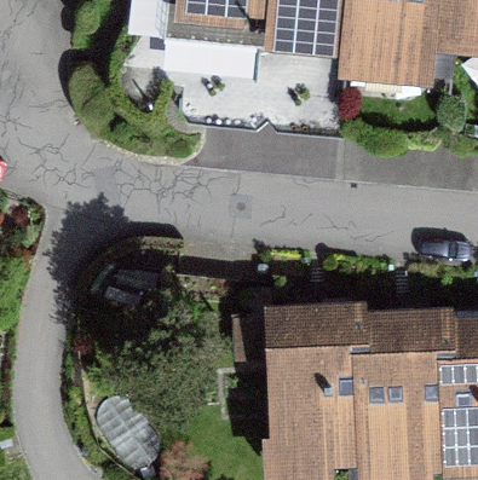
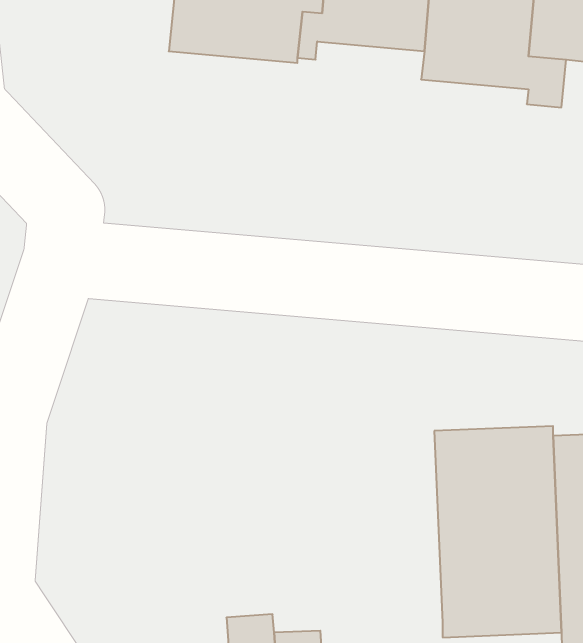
building: [272,307,364,461] -> none

